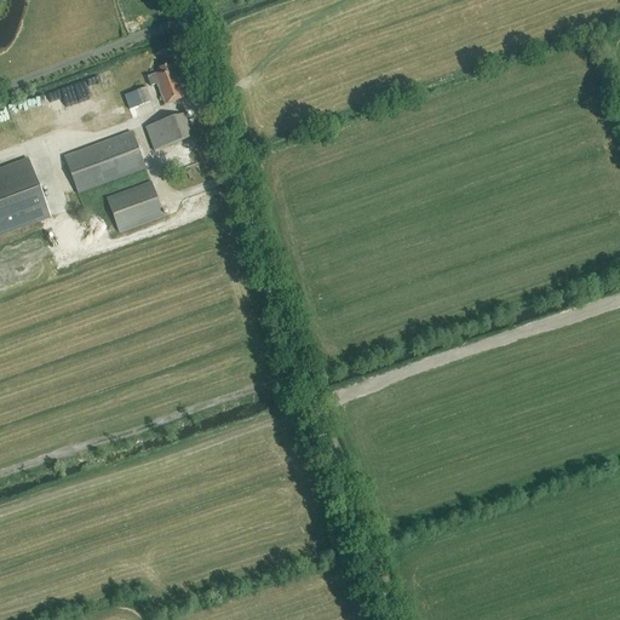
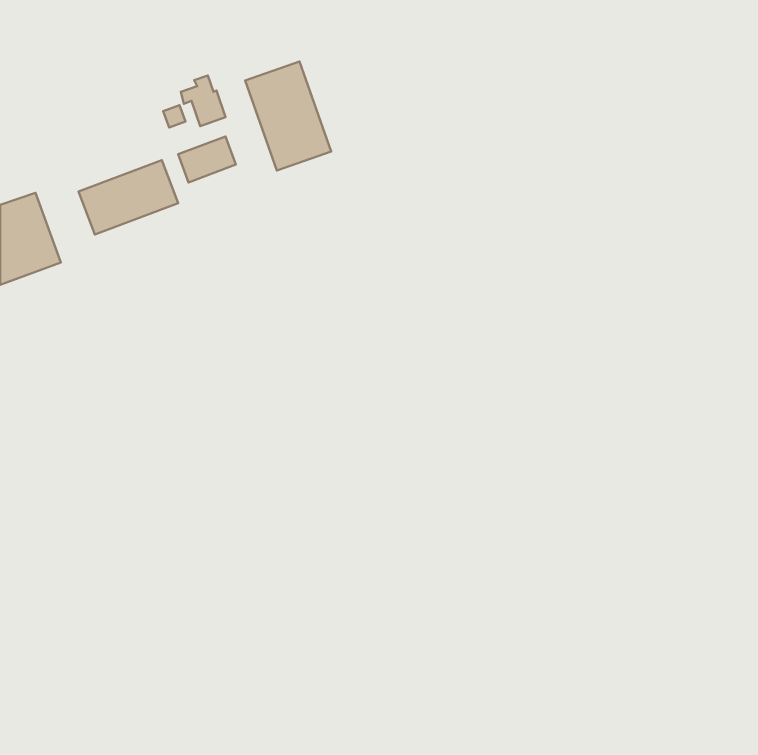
building: none -> [245,61,331,170]
building: [108,180,163,231] -> none

